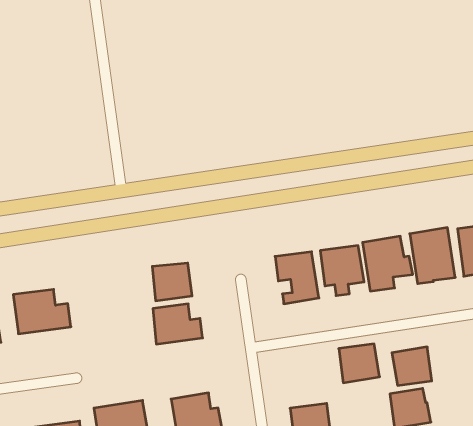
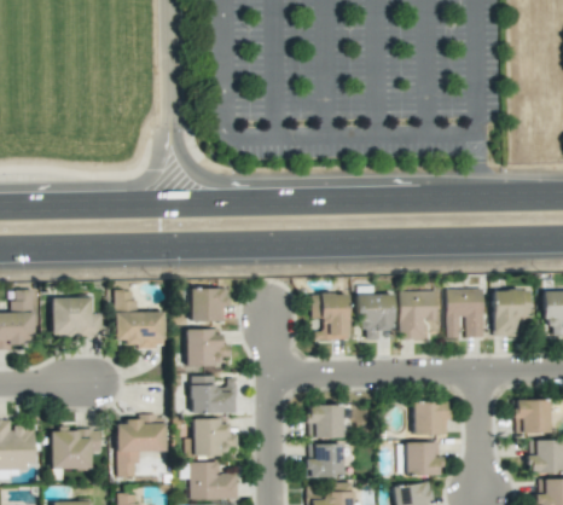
building: none -> [116,290,166,347]
building: [339,344,380,383] -> [308,405,344,439]
building: none -> [191,376,238,413]

